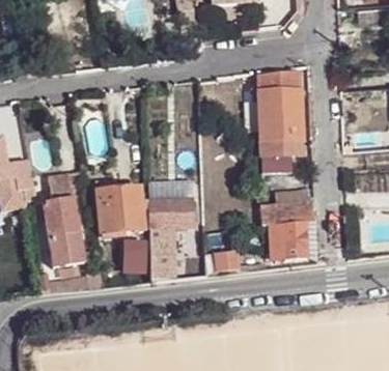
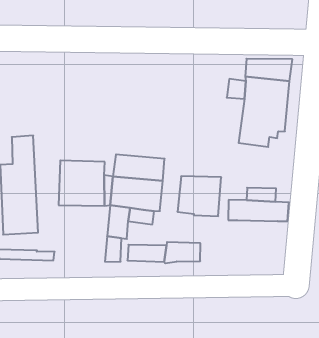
building: [269,221,308,259] -> [177,176,221,216]
building: [126,239,147,282] -> none

